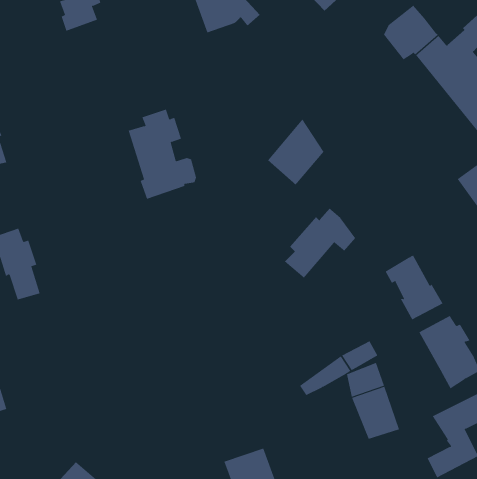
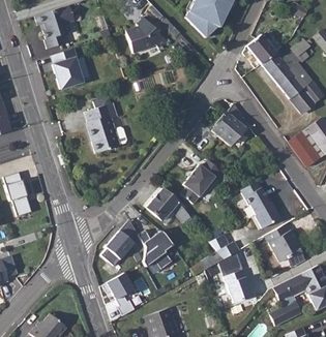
building: none -> [53,50,84,90]
building: [267,118,324,185] -> [213,103,248,145]
building: none -> [148,189,191,223]
building: none -> [139,229,174,269]
building: none -> [102,231,135,266]
building: none -> [103,273,136,316]

